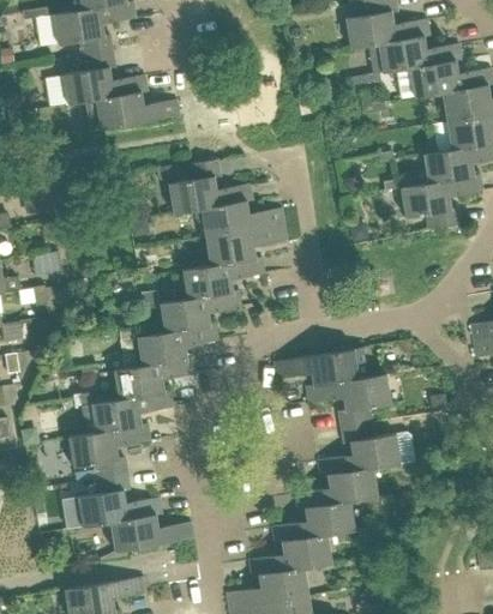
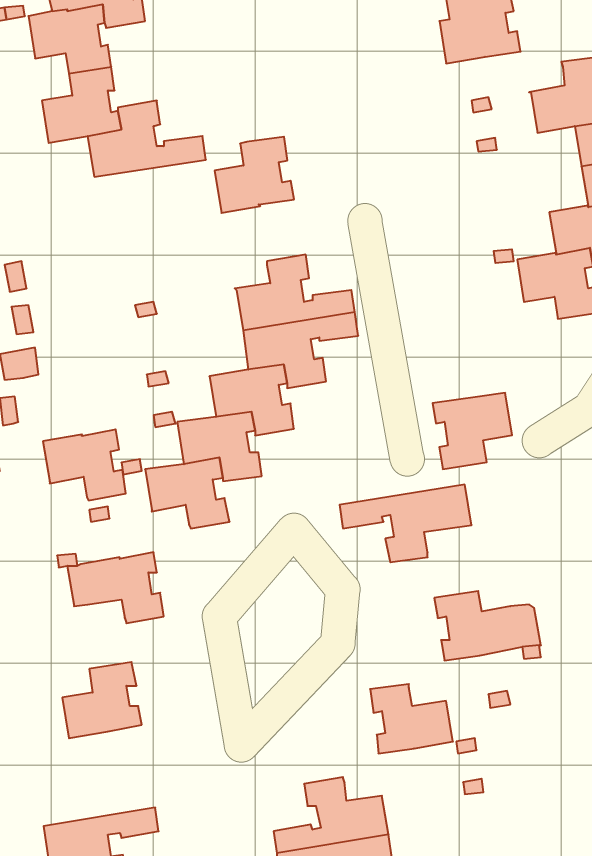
building: [377,20,433,74] -> none
building: [168,161,224,215] -> [215,137,294,213]
building: [113,362,172,413] -> [43,429,126,500]
building: [333,374,390,428] -> [433,393,512,469]
building: [67,429,126,478] -> none
building: [318,456,377,505] -> none
building: [109,498,193,552] -> none
building: [272,522,331,572] -> none

